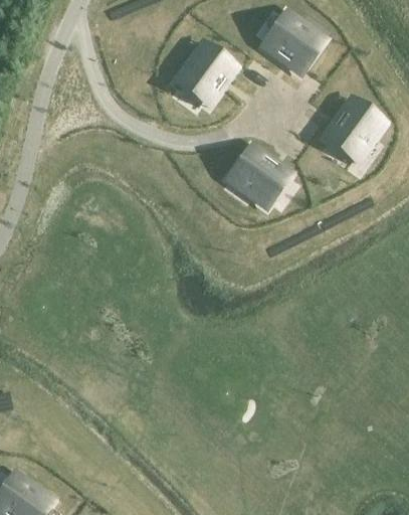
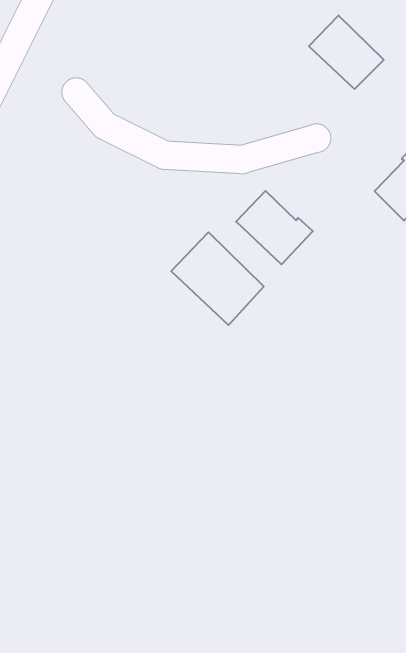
building: [179,48,231,103] -> none
building: none -> [171,232,264,325]

